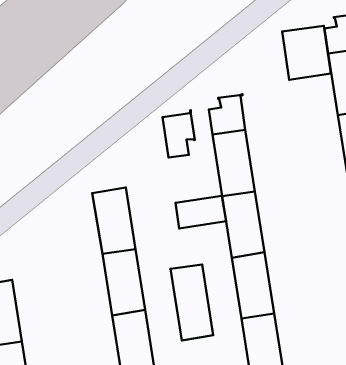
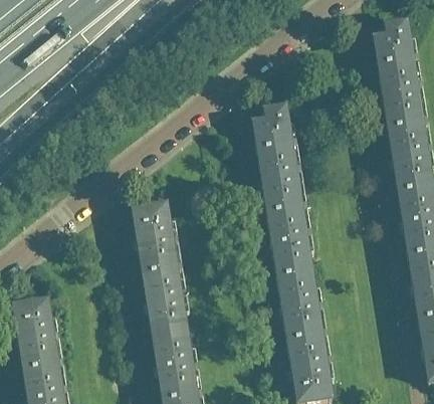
building: [282,26,331,80] -> none
building: [163,110,195,158] -> none
building: [176,196,226,228] -> none
building: [171,264,213,340] -> none

